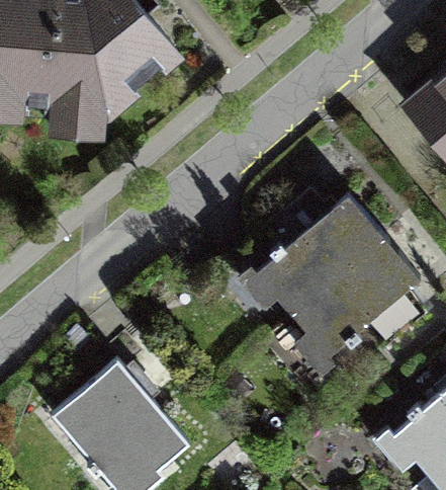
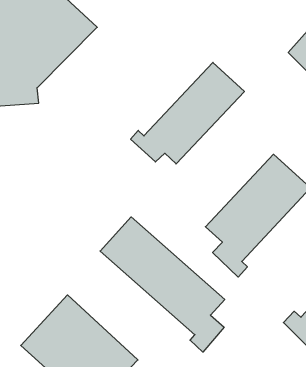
building: [240,192,380,308] -> [131,62,244,164]
building: none -> [100,217,225,352]

